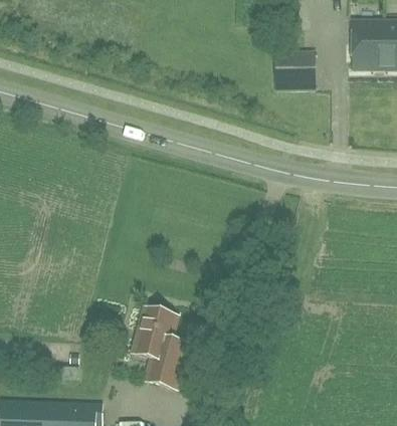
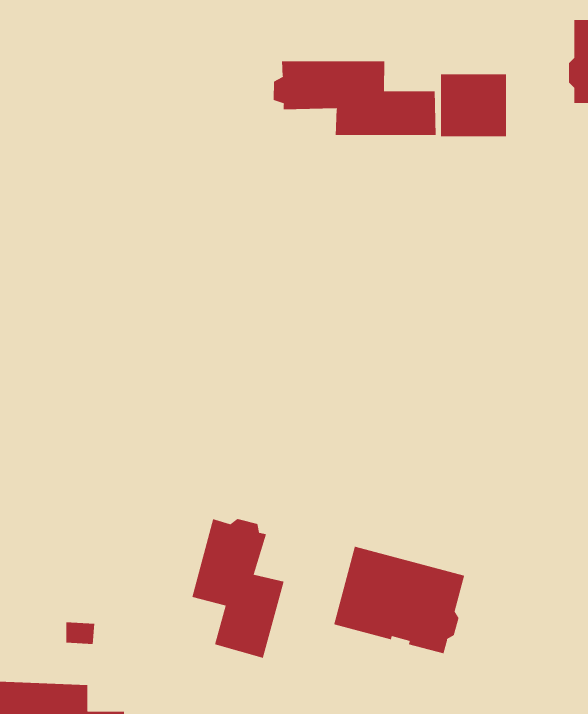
building: none -> [273,60,436,136]
building: none -> [333,546,465,654]

